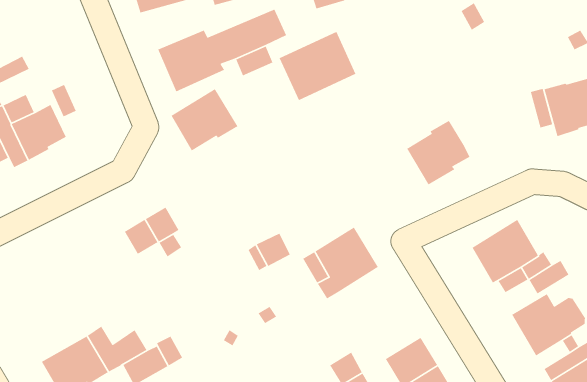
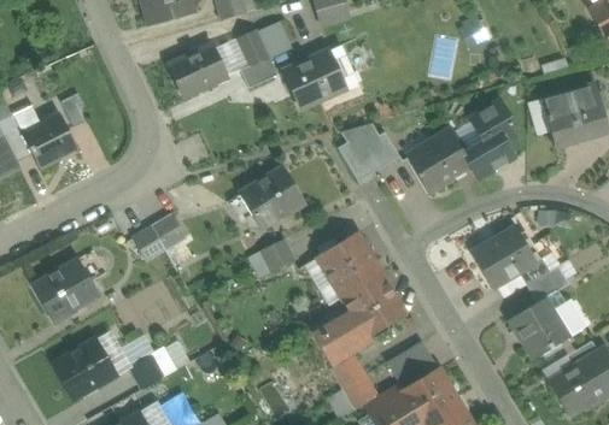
building: [171,88,239,151] -> [240,166,306,228]
building: none -> [464,101,514,177]
building: none -> [339,123,400,181]
building: none -> [33,259,98,323]
building: none -> [317,272,405,358]

